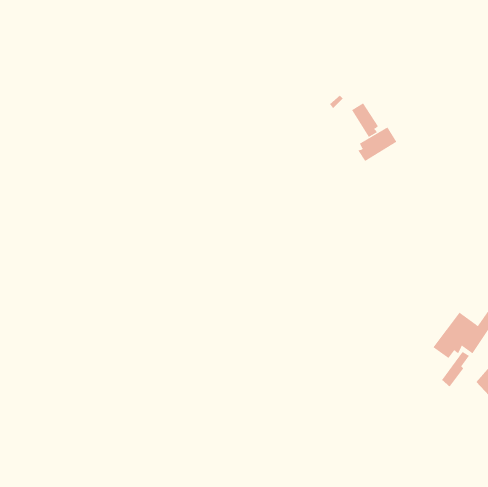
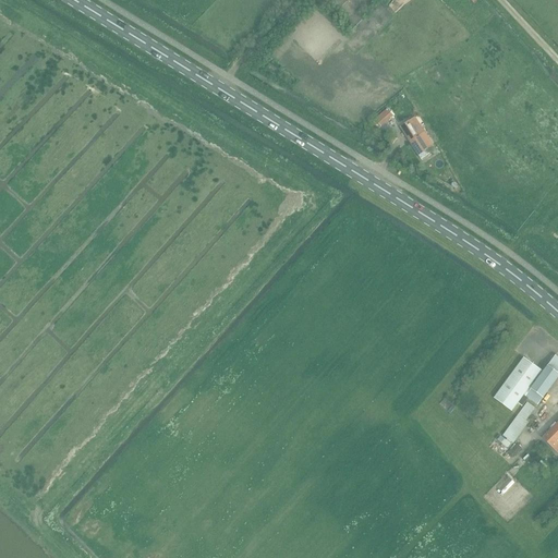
building: [357,126,397,162] -> none

